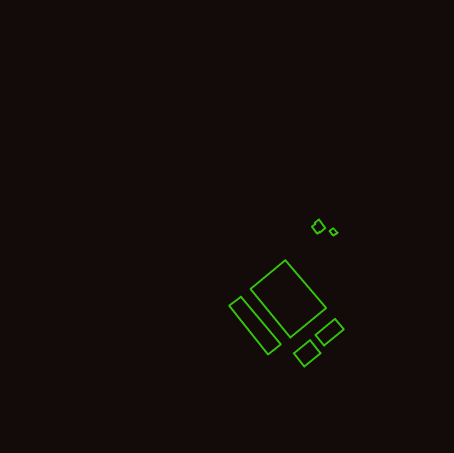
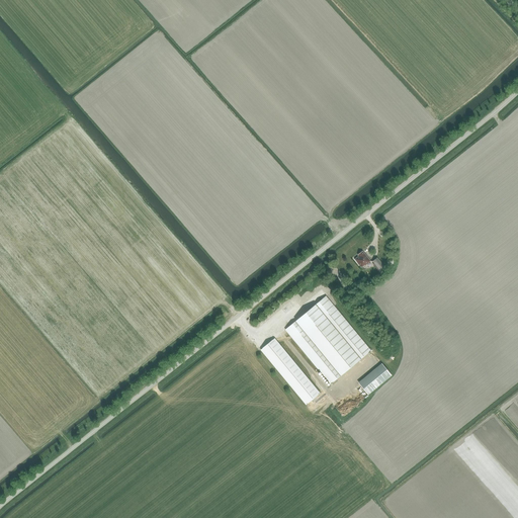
building: [294,340,321,367] -> none

